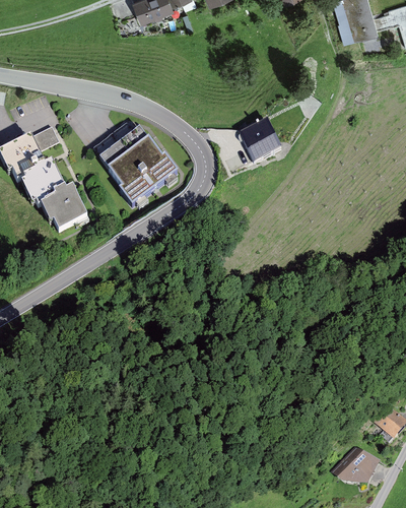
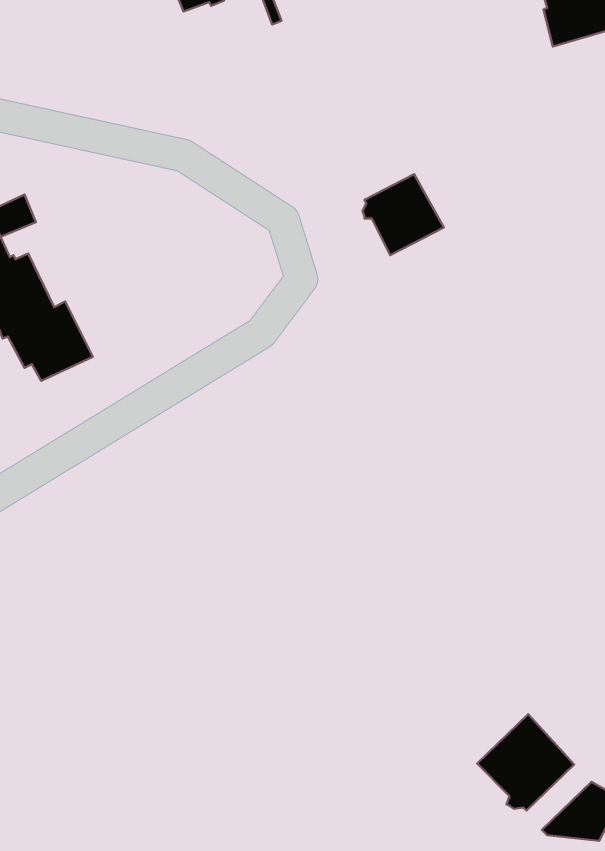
building: [100,123,178,201] -> none
building: none -> [477,714,574,811]

